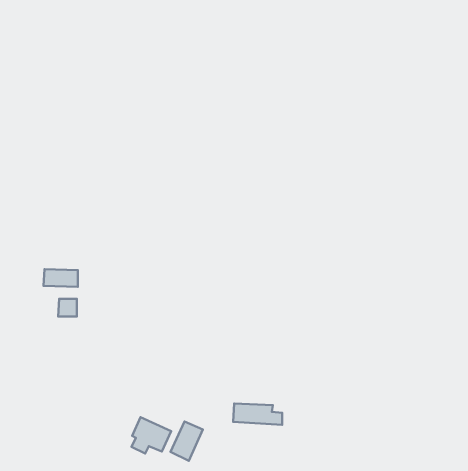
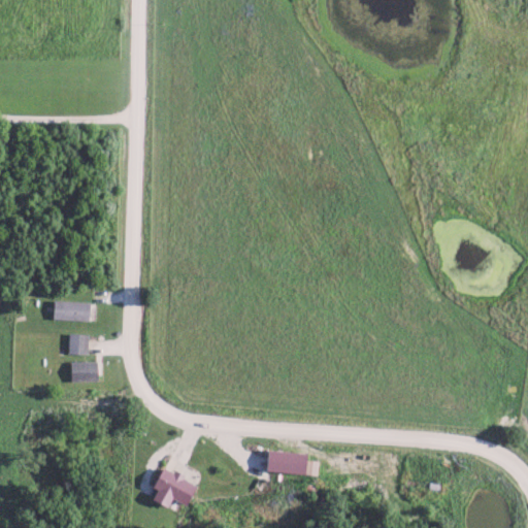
building: none -> [72,362,99,383]
building: [171,421,203,461] -> none

